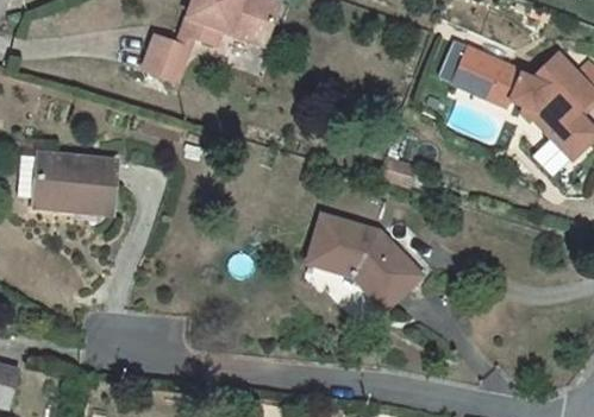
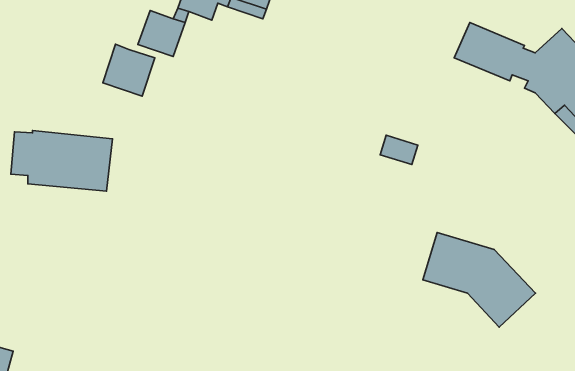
building: none -> [103,44,155,96]
building: [309,215,420,308] -> [423,233,535,327]

